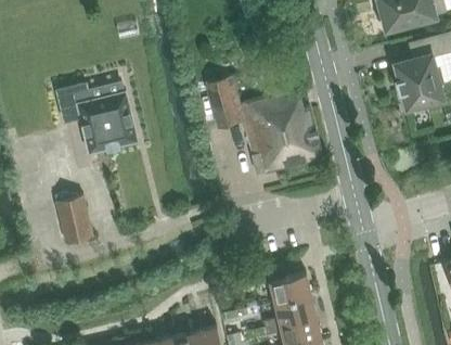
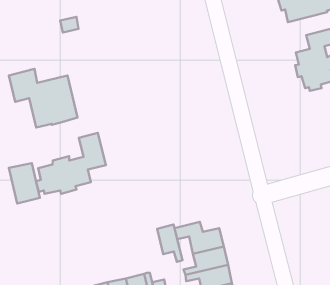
building: [207,76,323,176] -> none
building: none -> [36,133,106,194]
building: none -> [157,224,182,262]

